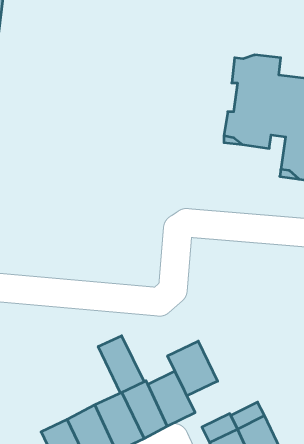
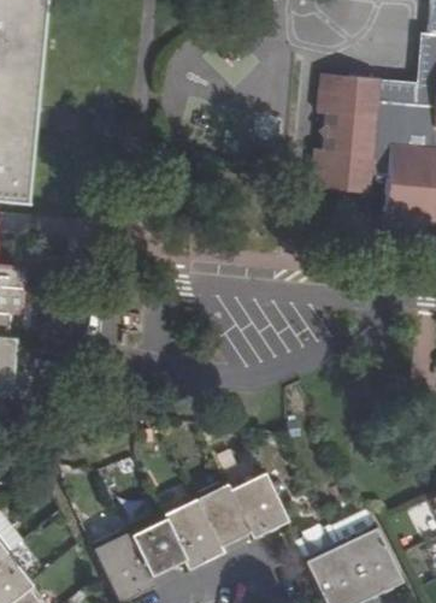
building: [98,336,144,393] -> none
building: [168,341,218,396] -> none

